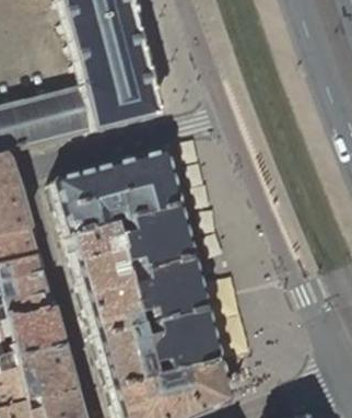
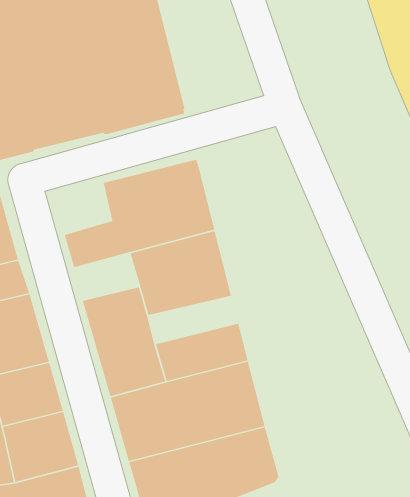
building: [58,167,103,208] -> none
building: [73,222,125,259] -> none
building: [131,256,202,293] -> none

